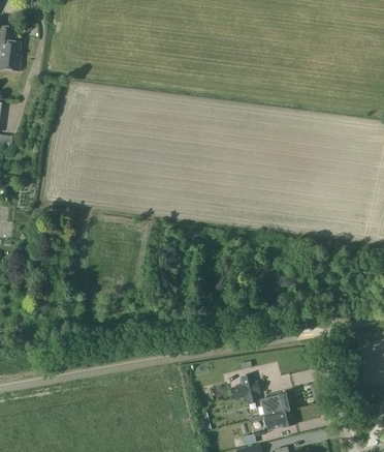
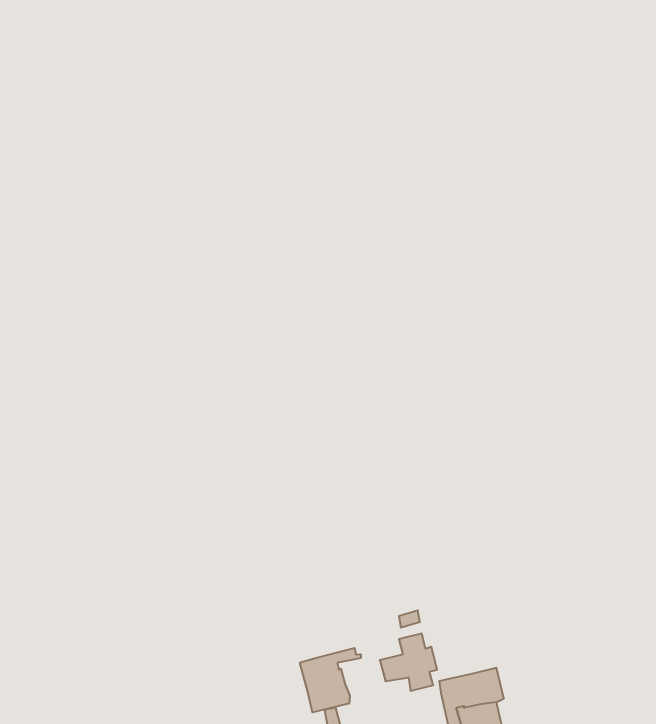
building: none -> [300,648,361,712]

